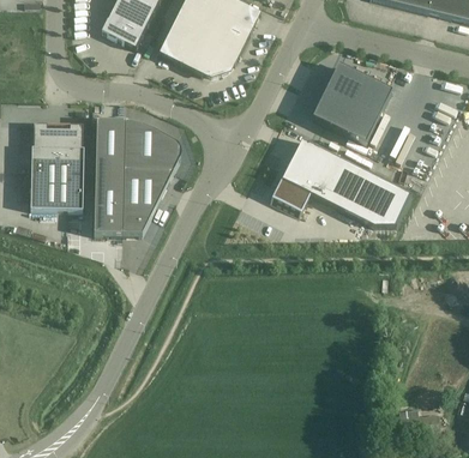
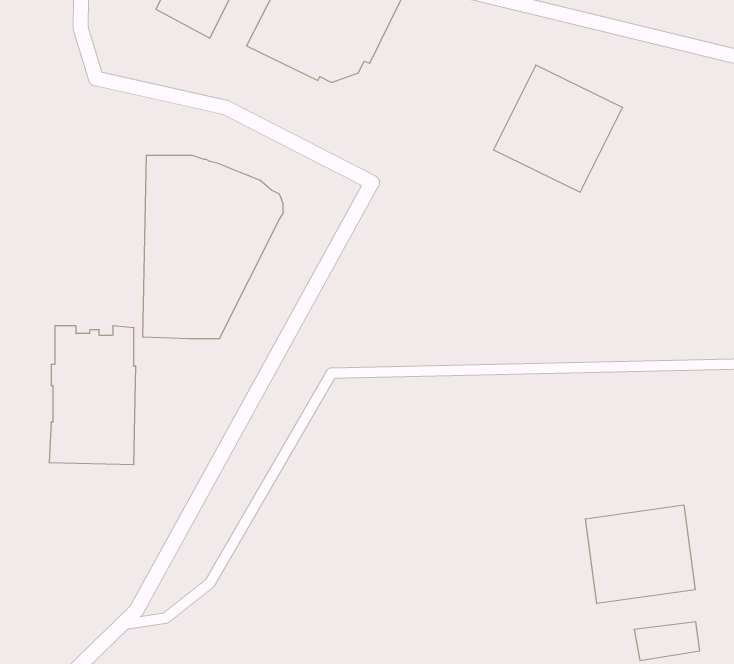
building: [30,122,84,209] -> [49,326,136,465]
building: [270,138,411,224] -> none
building: none -> [585,505,695,604]

